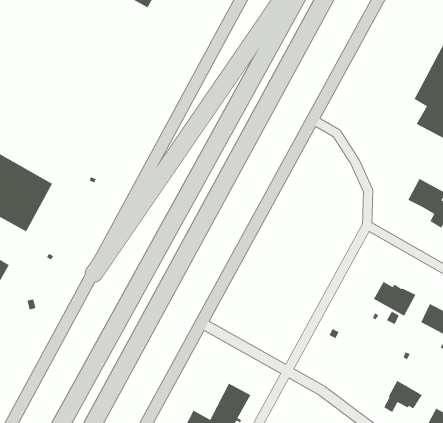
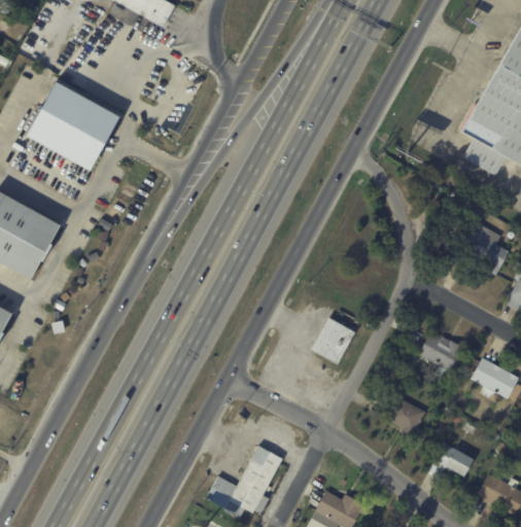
building: none -> [28,80,119,168]
building: none -> [311,317,355,363]
building: none -> [385,396,424,436]

